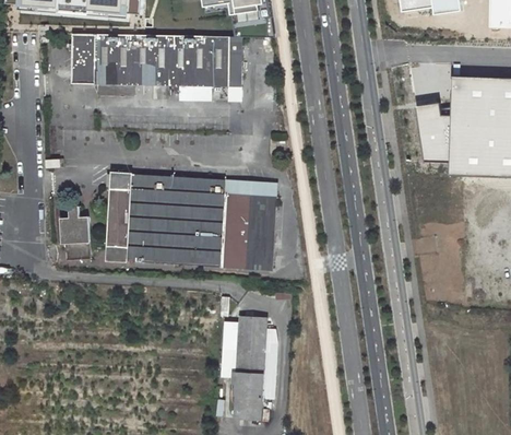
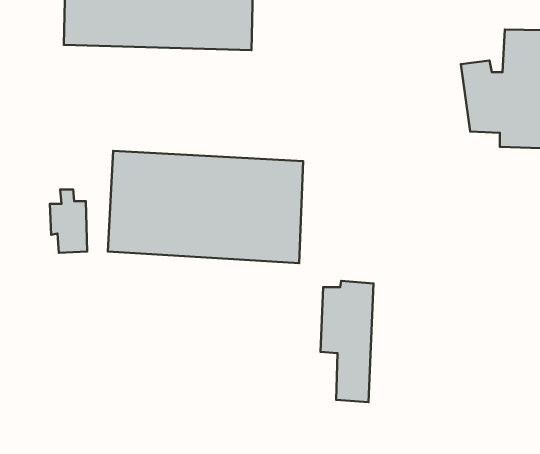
building: [221,316,265,419] -> [321,281,374,402]

